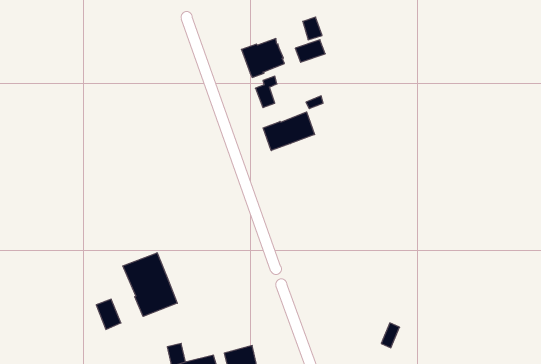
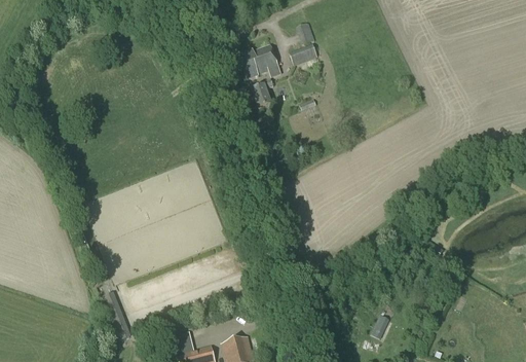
building: [263,112,315,151] -> none
building: [123,253,177,316] -> none

